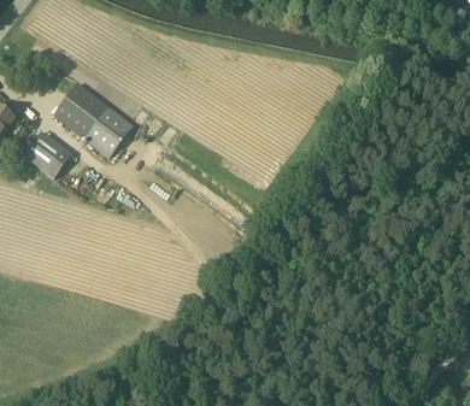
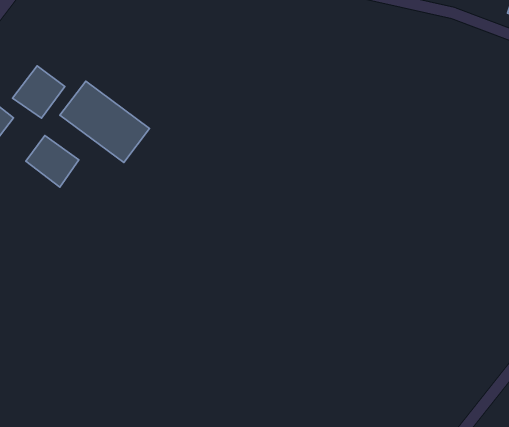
building: none -> [13,66,65,118]

